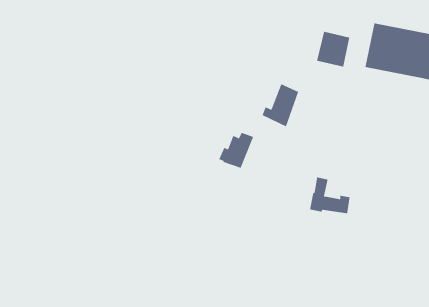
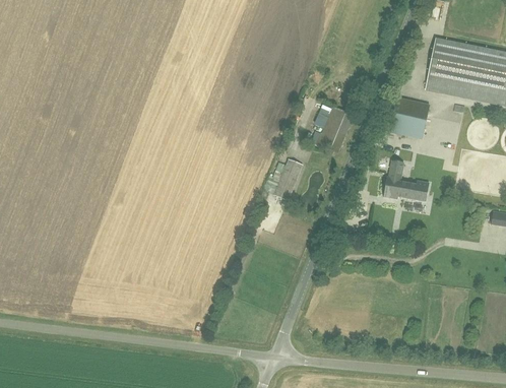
building: [316,31,350,68] -> [391,98,429,138]
building: [309,177,351,214] -> [383,159,429,201]

